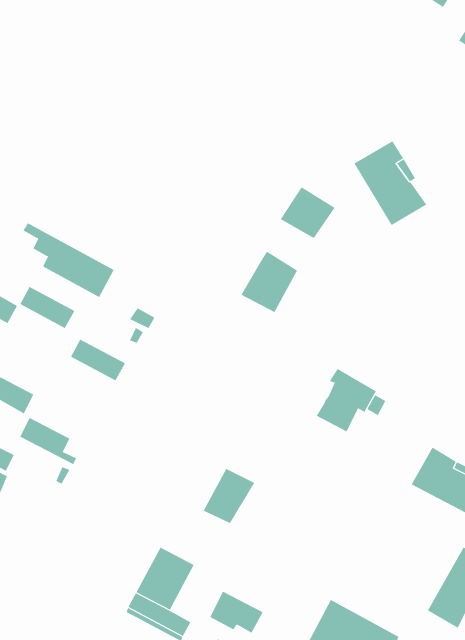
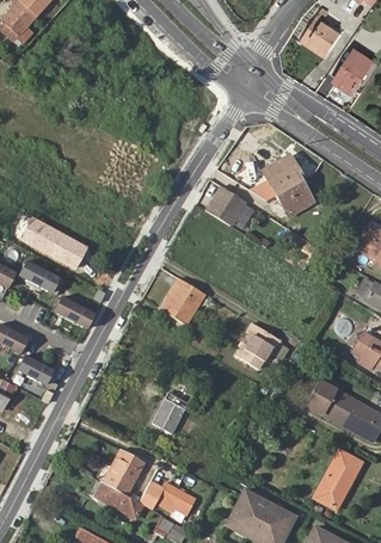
building: [240,251,298,313] -> [158,276,199,321]

